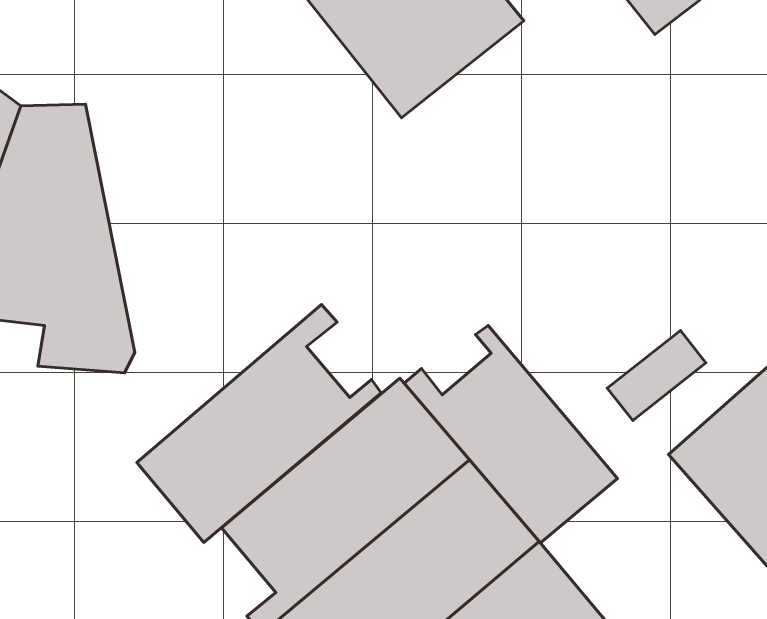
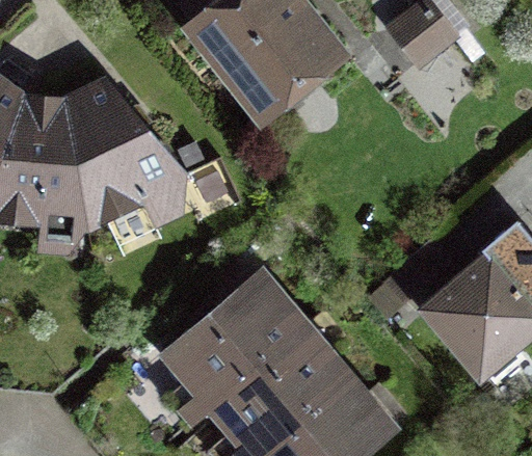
building: none -> [71,84,191,250]
building: [137,305,381,543] -> none
building: [404,325,617,543] -> none

